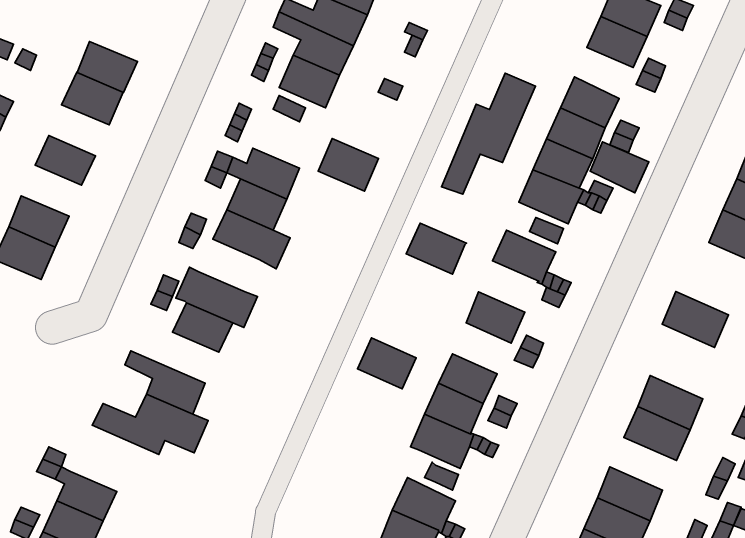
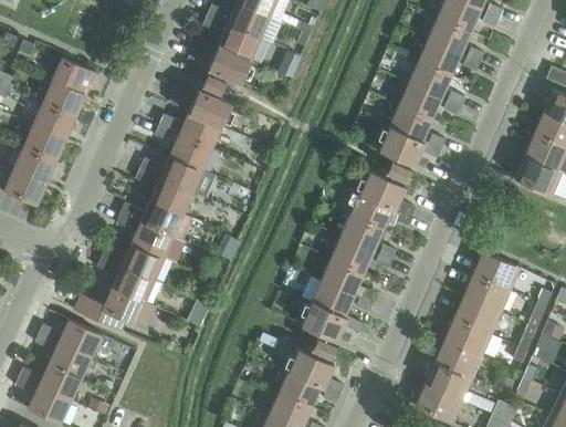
building: [77,41,138,92] -> [42,80,85,116]
building: [441,73,535,194] -> none
building: [318,139,378,191] -> [188,87,231,125]
building: [590,142,649,193] -> [418,39,460,75]
building: none -> [22,123,65,159]
building: [406,223,466,274] -> [349,191,392,228]
building: none -> [149,176,192,214]
building: [662,292,728,347] -> [472,250,520,290]
building: none -> [101,242,164,279]
building: [357,338,416,389] -> [331,236,373,272]
building: none -> [443,317,491,355]
building: none -> [57,319,101,356]

